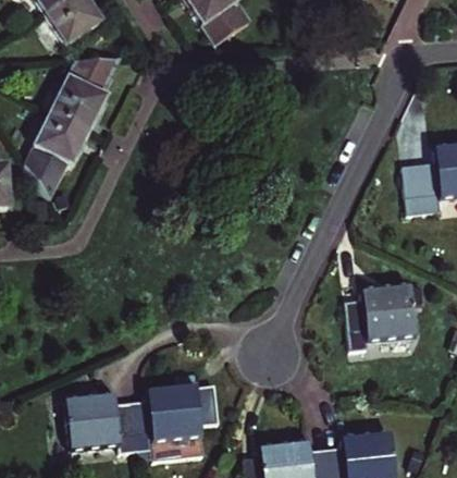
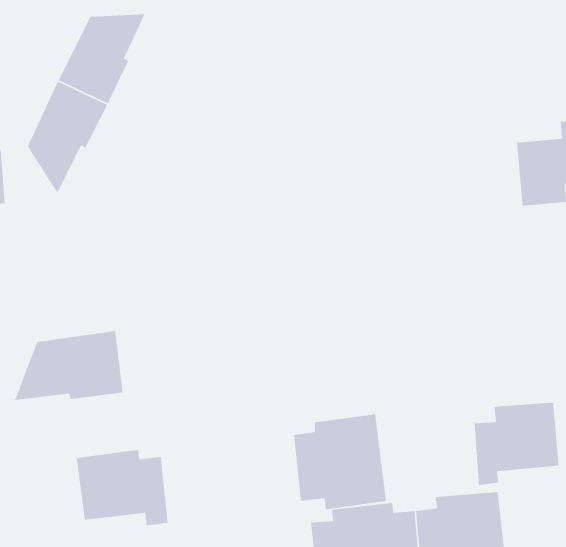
building: [350,282,417,347] -> [474,402,560,486]
building: none -> [14,330,123,401]
building: [132,385,205,461] -> [293,413,387,510]

